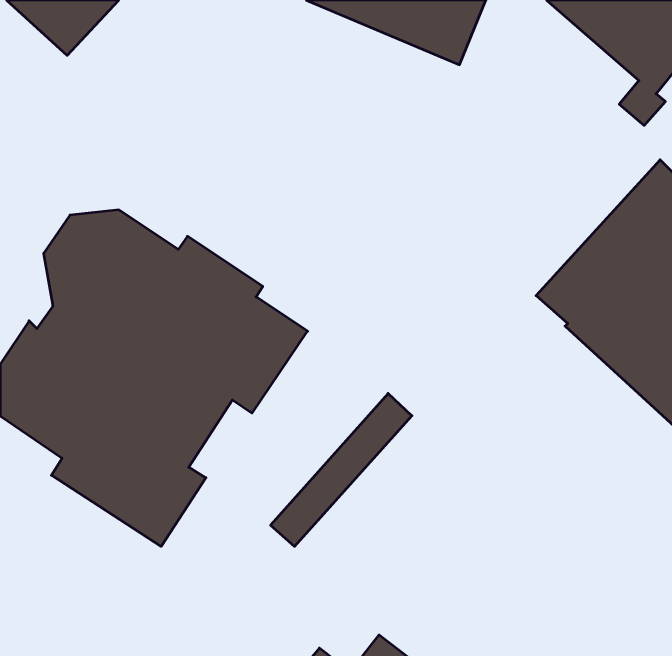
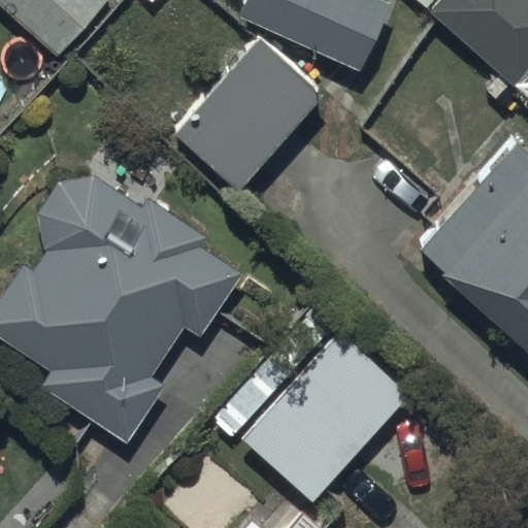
building: none -> [174,37,321,187]
building: none -> [243,331,448,500]

